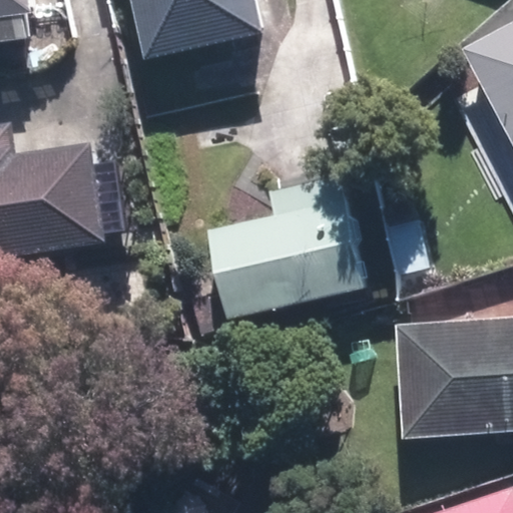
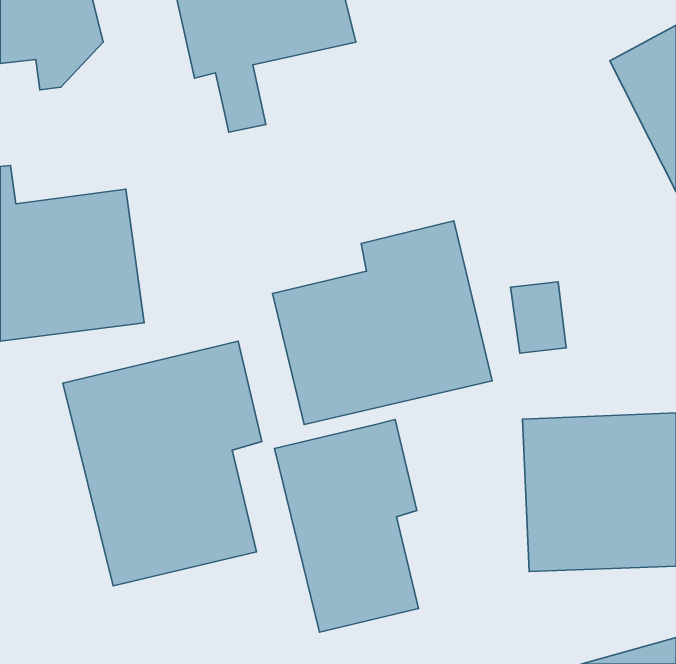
building: none -> [63,341,262,586]
building: none -> [274,420,418,632]

